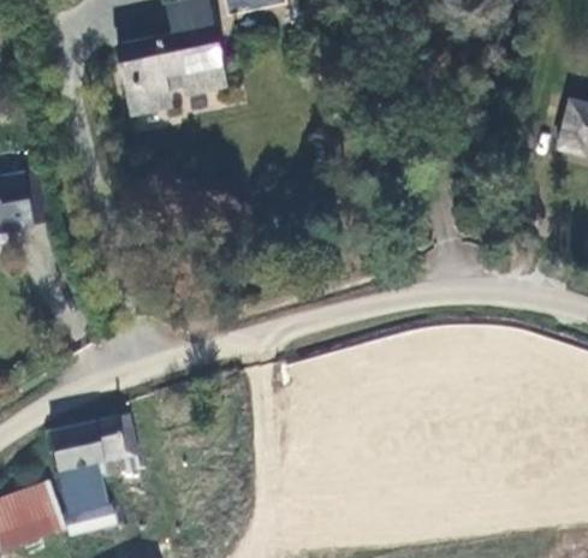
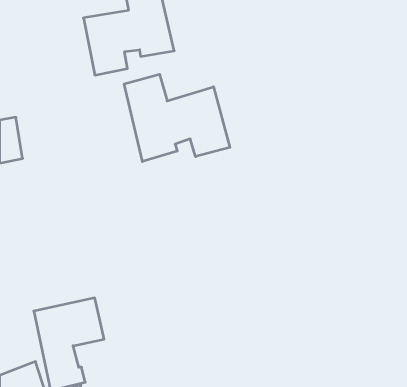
building: none -> [124,74,230,162]

